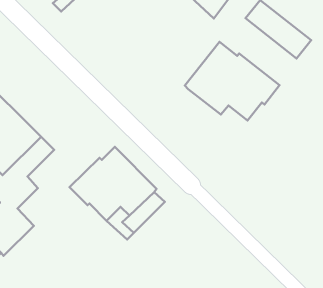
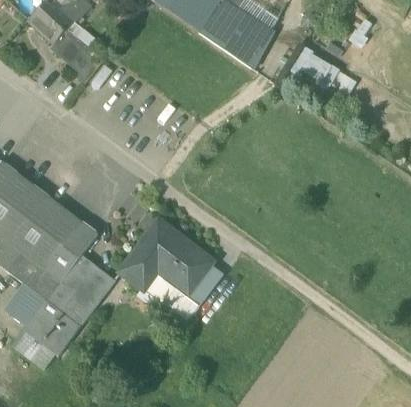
building: [185,42,280,121] -> none
building: none -> [65,253,114,317]

